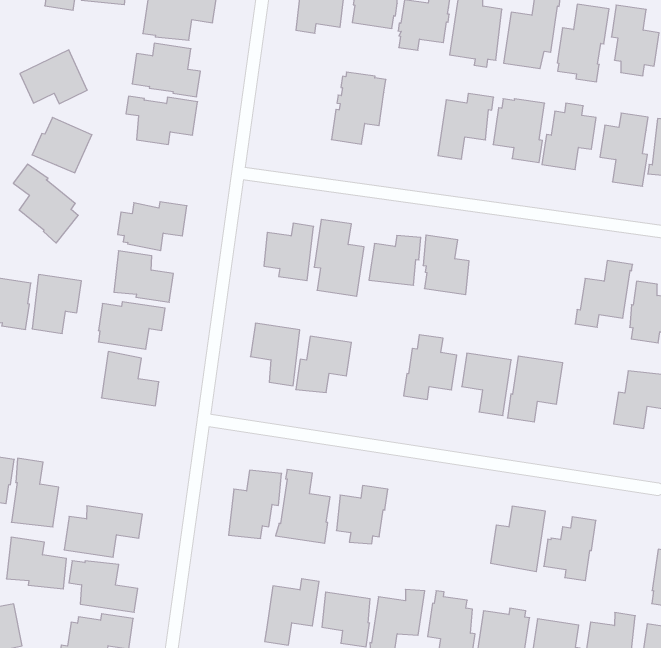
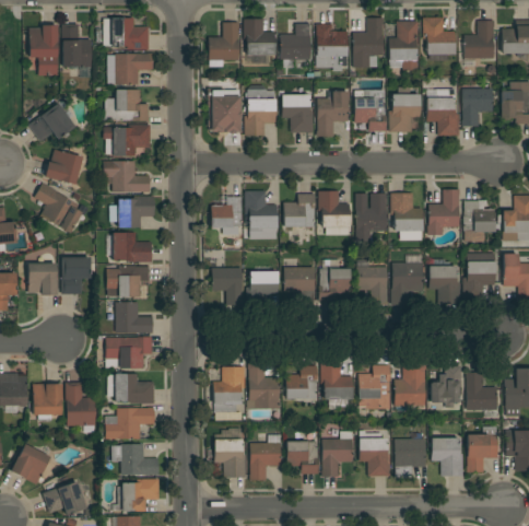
building: none -> [208,89,242,135]
building: none -> [282,95,314,133]
building: none -> [104,162,151,192]
building: none -> [355,194,387,242]
building: none -> [391,194,422,241]
building: none -> [284,268,315,303]
building: none -> [430,267,460,304]
building: none -> [106,337,153,369]
building: none -> [321,363,353,400]
building: none -> [360,365,391,409]
building: none -> [467,373,498,410]
building: [6,537,66,589] -> [115,374,155,405]
building: none -> [214,440,246,478]

